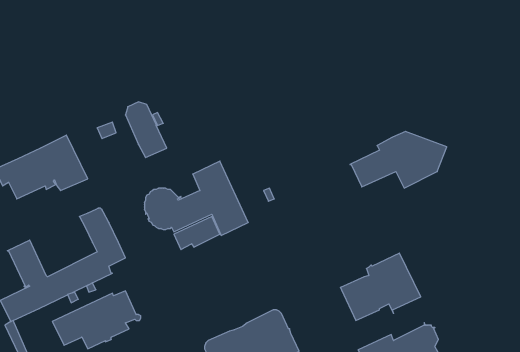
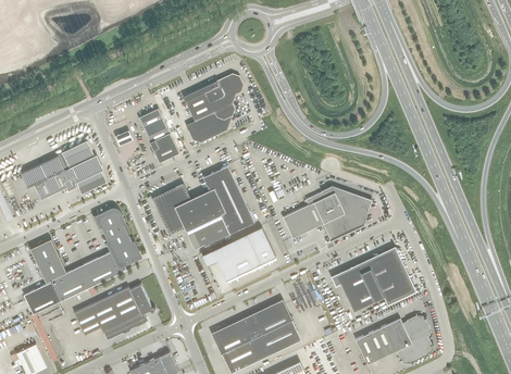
building: none -> [182,73,242,141]
building: [350,131,447,188] -> [281,186,370,238]
building: none -> [201,226,275,279]

